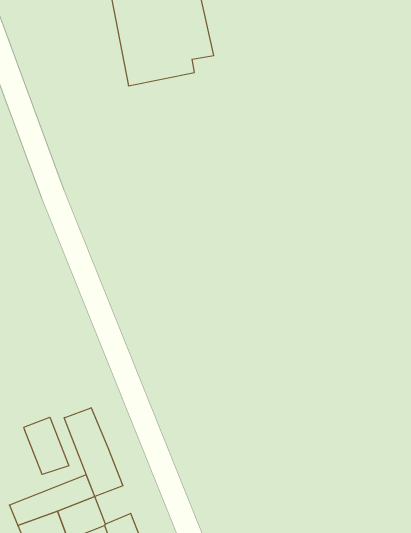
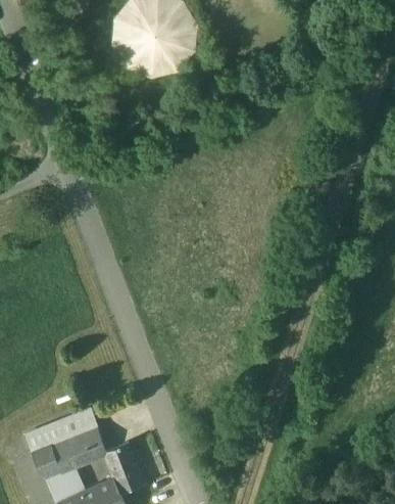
building: [64,408,123,497] -> none
building: [24,417,69,474] -> none

